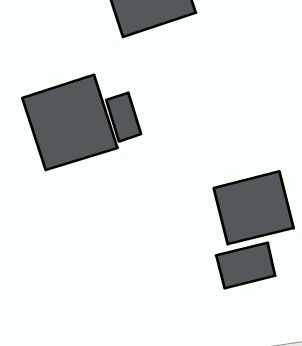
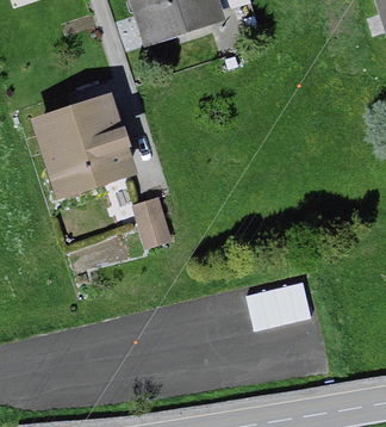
building: [106,93,141,141] -> [132,197,172,252]
building: [214,171,294,244] -> none

